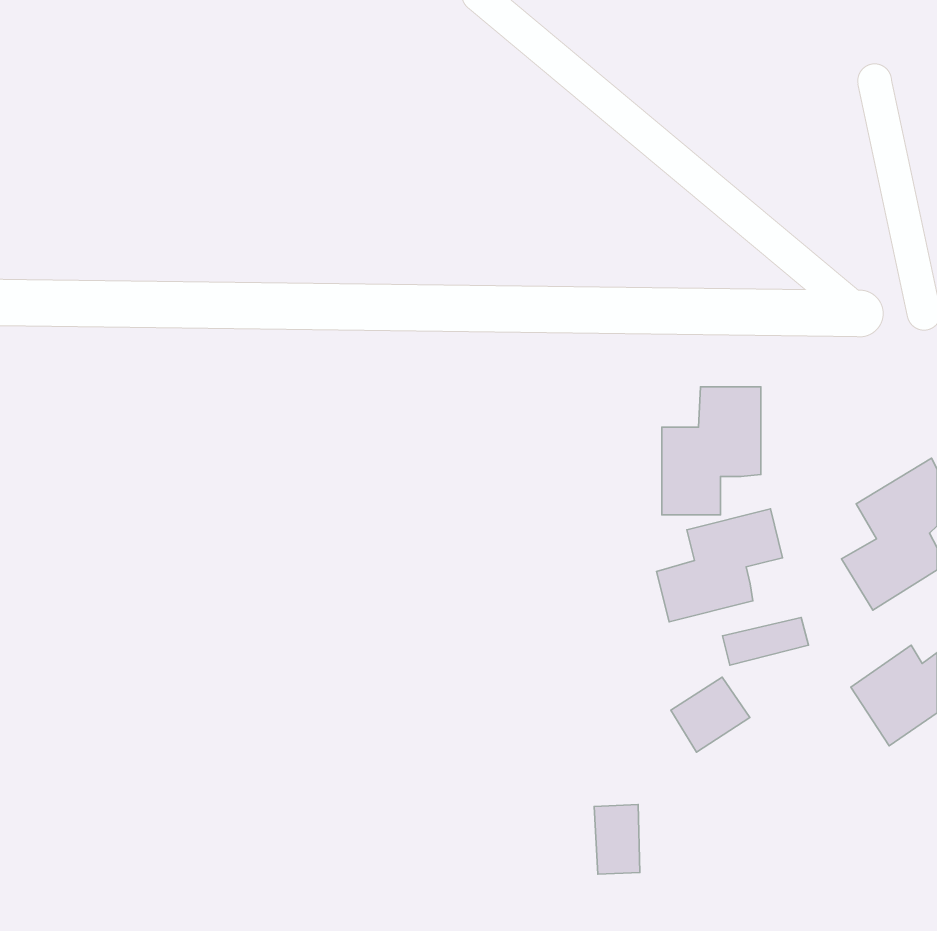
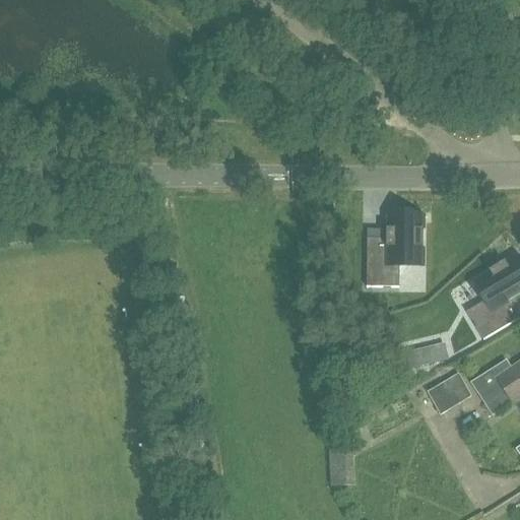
building: [657,509,783,622] -> none
building: [671,677,750,752] -> [427,372,470,413]

